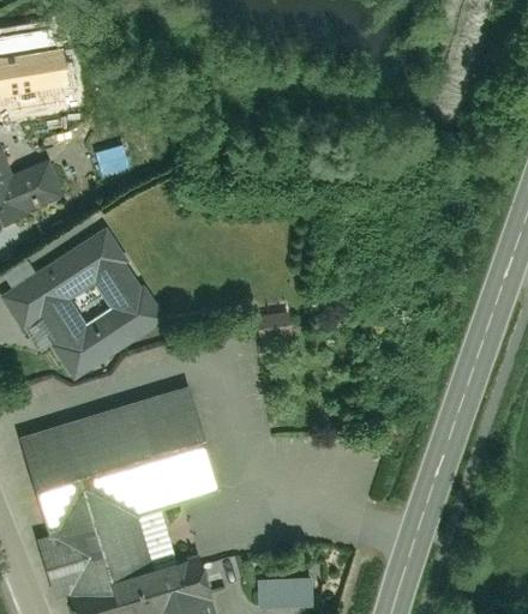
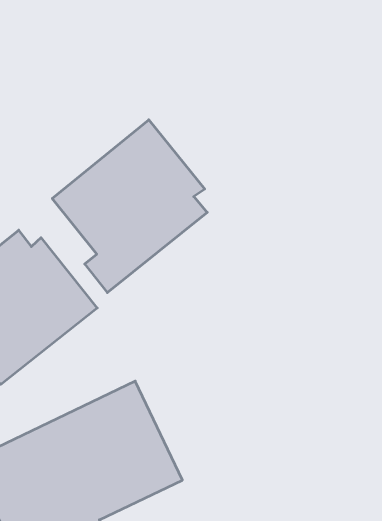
building: none -> [52,120,207,293]

